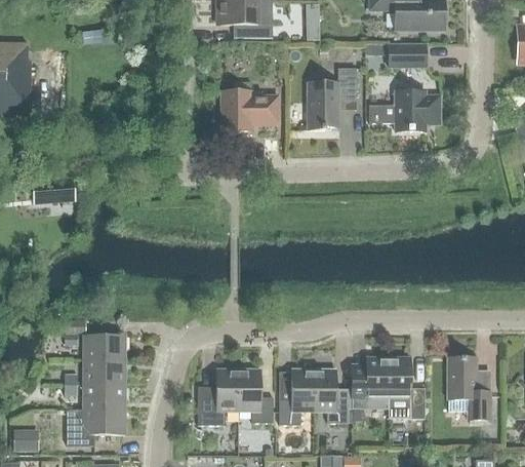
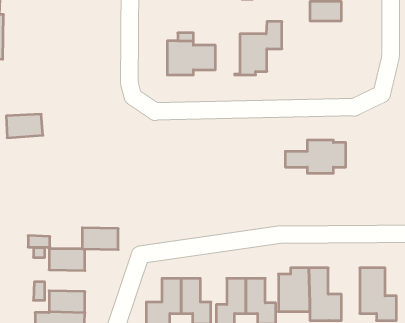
building: [369,91,440,130] -> [285,140,346,173]
building: [83,359,125,385] -> [82,228,118,250]

